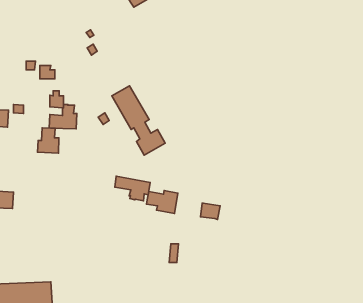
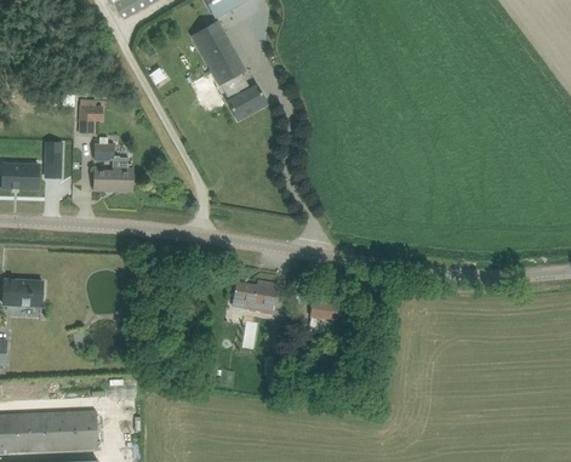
building: [112,86,165,155] -> [192,22,268,121]
building: [38,128,59,153] -> none
building: [115,176,150,201] -> none

